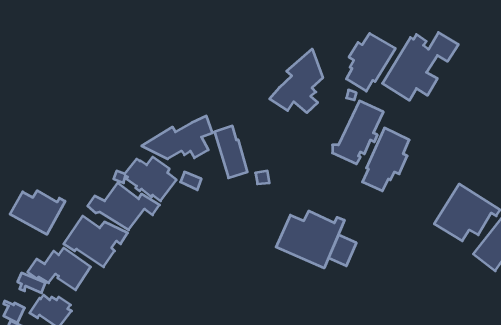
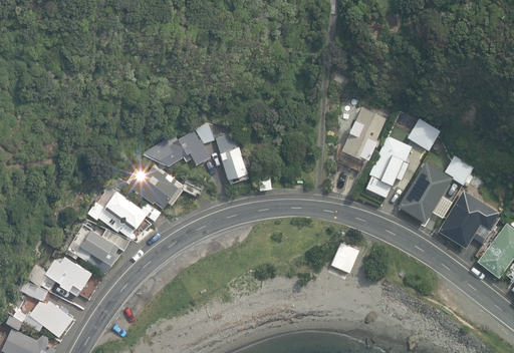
building: [382,32,458,100] -> [397,155,473,224]
building: [346,33,395,91] -> none
building: [270,49,323,113] -> none
building: none -> [406,118,440,151]
building: [10,191,65,234] -> none
building: [276,211,344,268] -> none

